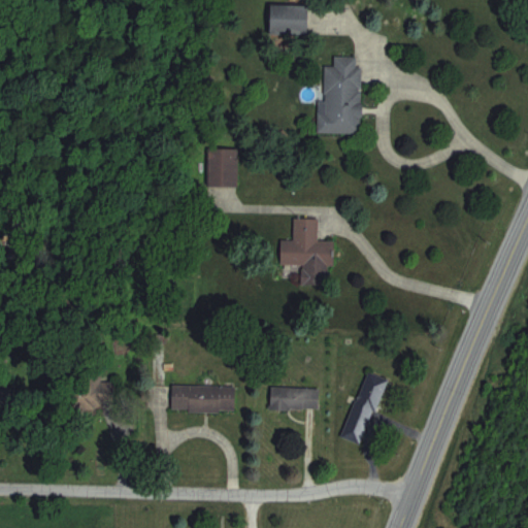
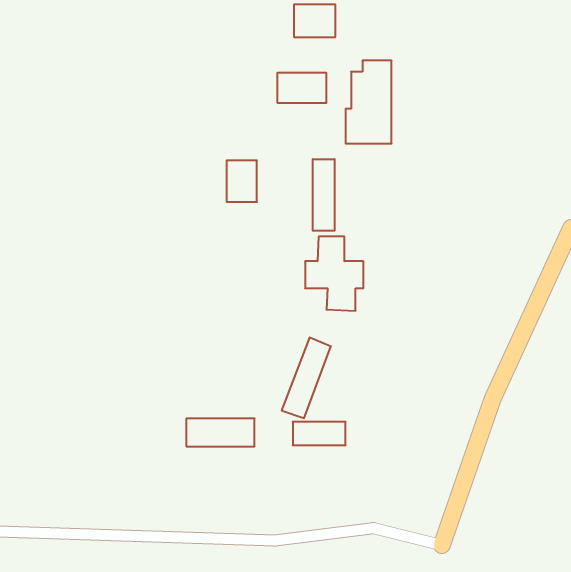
building: none -> [278,73,326,103]
building: none -> [313,159,335,231]
building: [340,371,386,446] -> [282,337,331,418]

